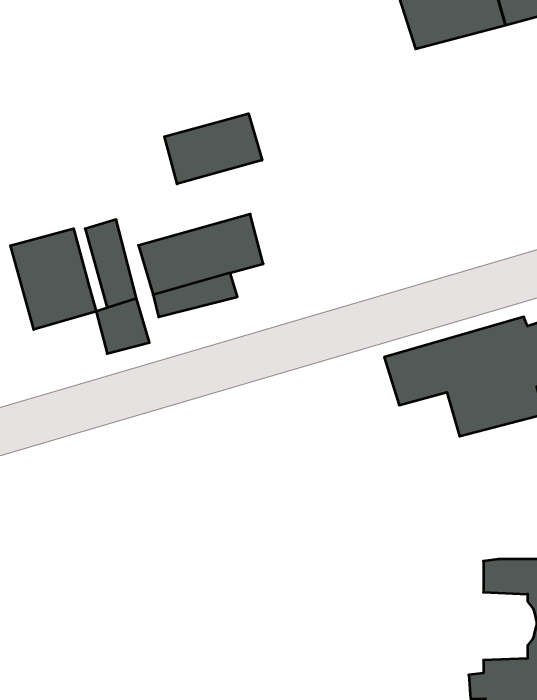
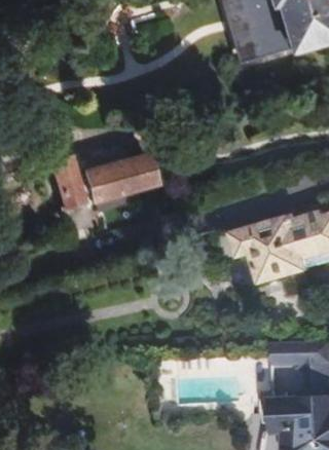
building: [164,114,262,184] -> none
building: [10,229,96,330] -> none

